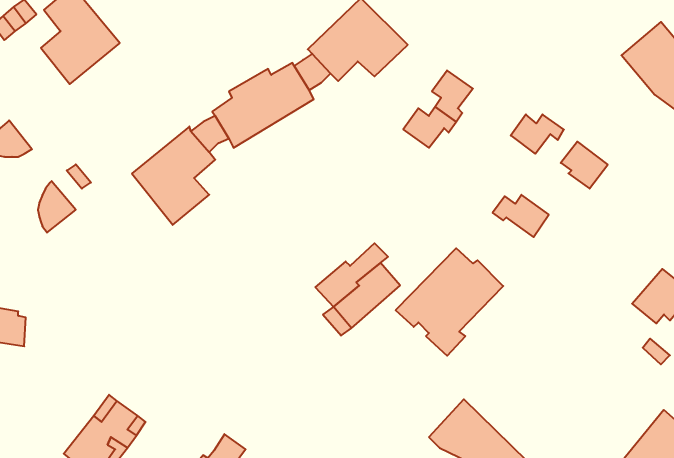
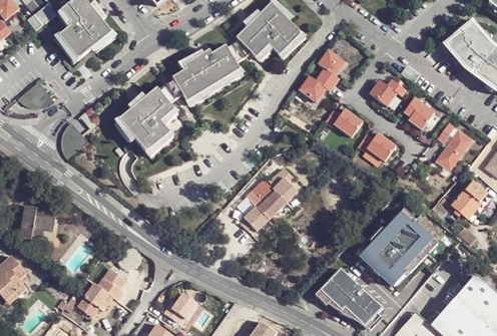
building: none -> [327,109,364,137]
building: none -> [438,123,473,172]
building: [396,248,503,356] -> [361,217,432,288]

